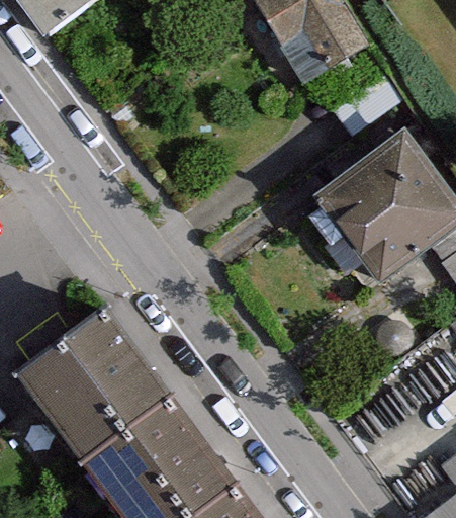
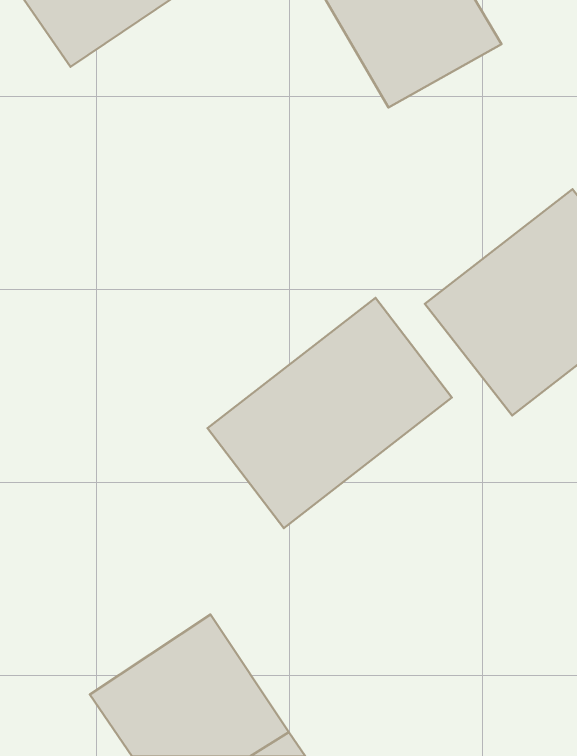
building: none -> [207,298,452,528]
building: [34,332,170,466] -> none

